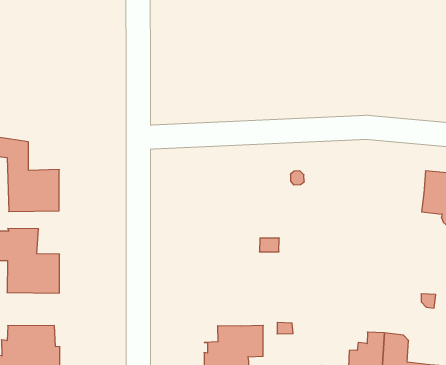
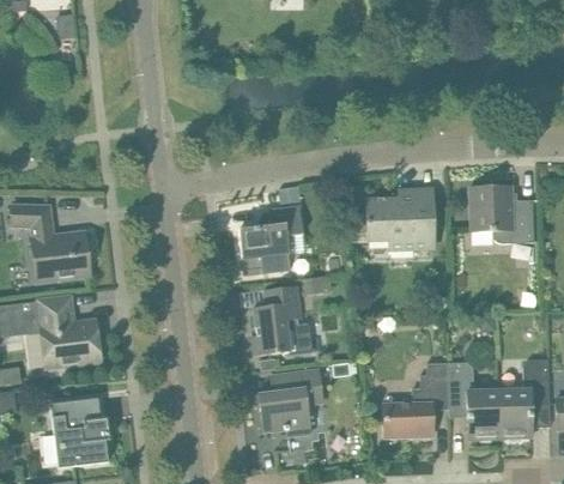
building: none -> [366,188,433,249]
building: none -> [239,206,303,272]
building: none -> [251,285,311,356]

